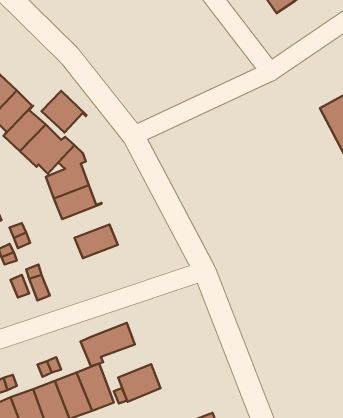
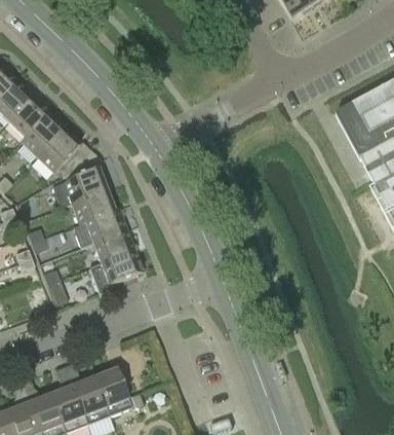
building: [42,91,86,132] -> none
building: none -> [73,208,126,246]
building: [80,323,135,366] -> [88,249,143,292]
building: [118,364,161,402] -> none

